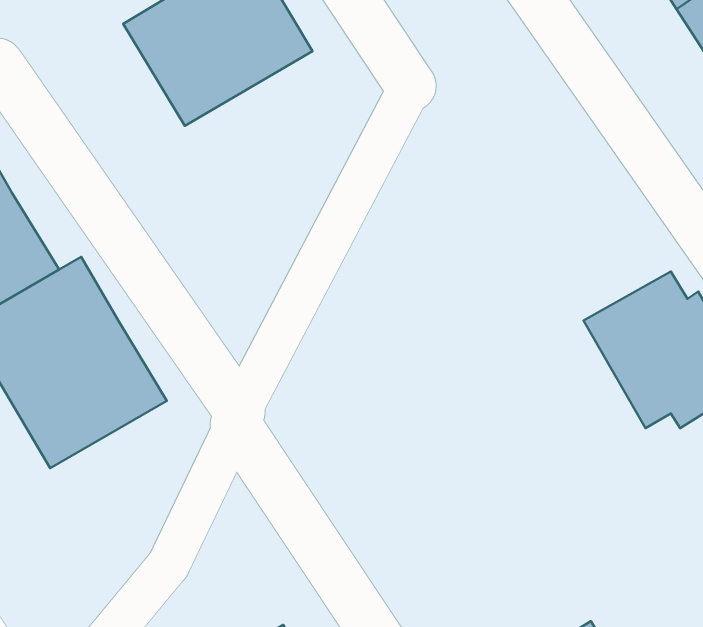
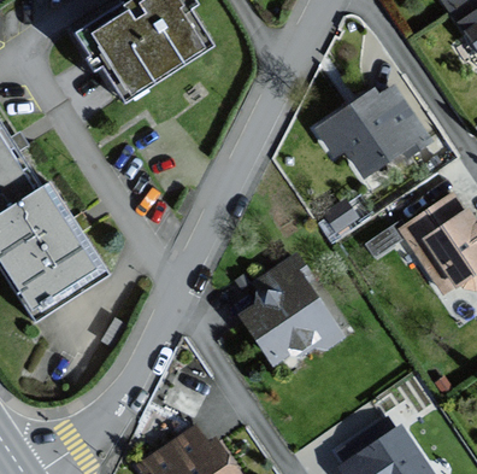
building: none -> [311,80,426,180]
building: none -> [235,254,341,369]

